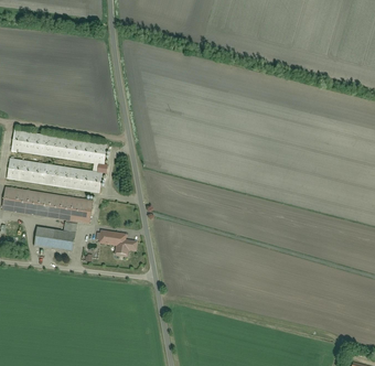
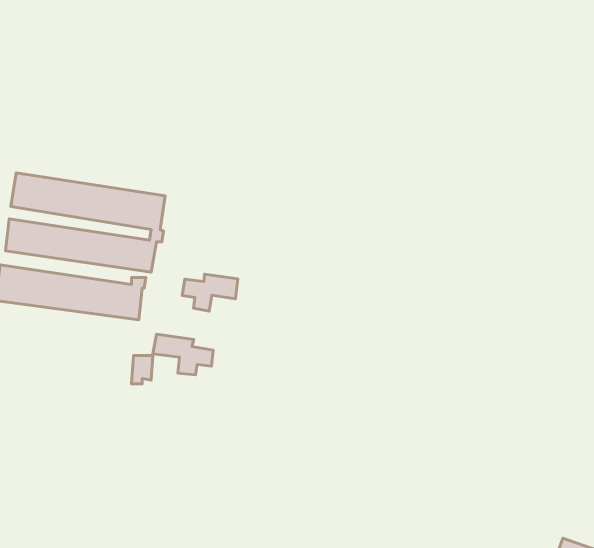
building: none -> [182,274,238,311]
building: [35,223,76,249] -> none

